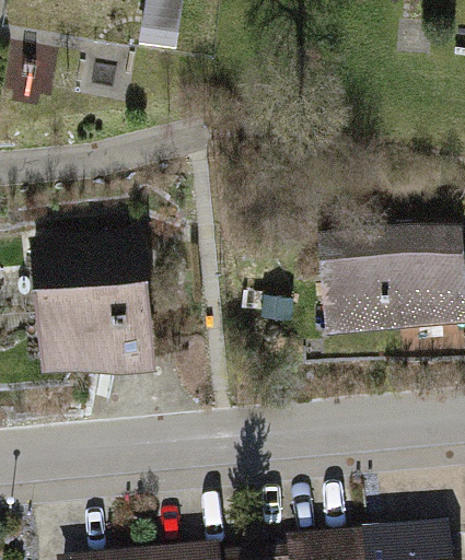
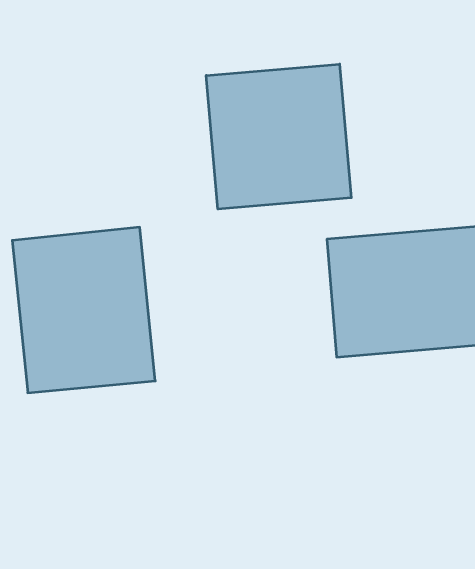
building: none -> [206,64,351,209]

